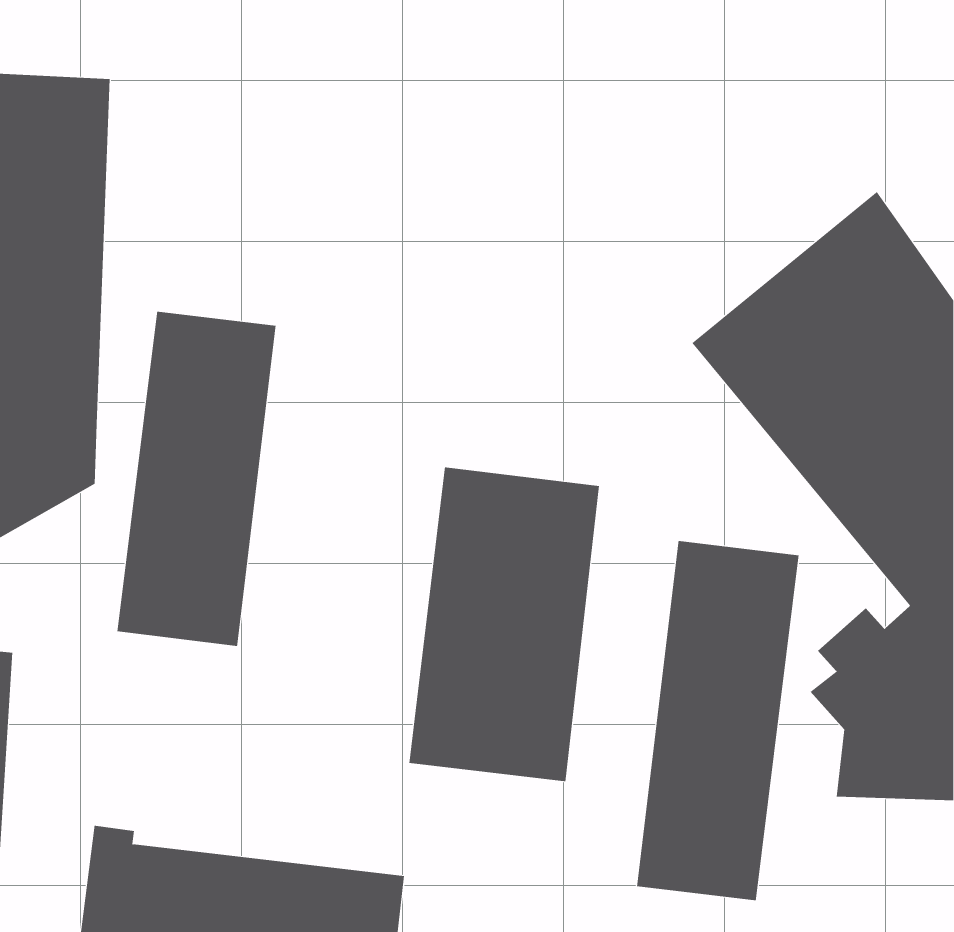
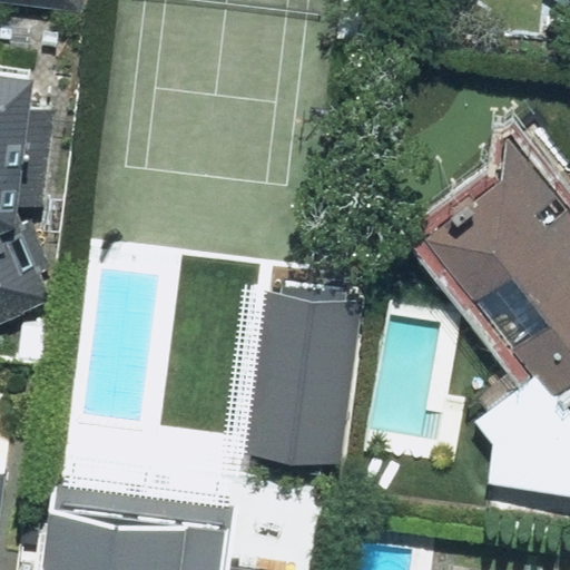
building: [117,311,276,647] -> none
building: [637,540,799,901] -> none

